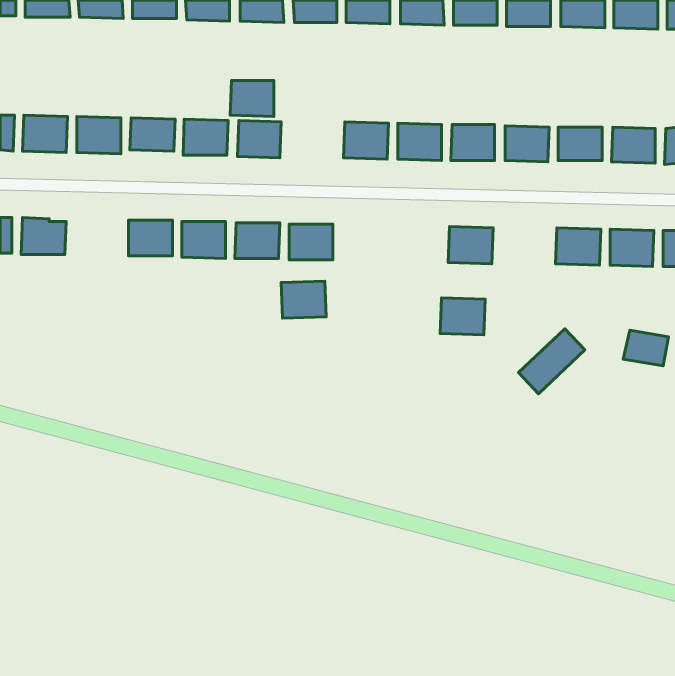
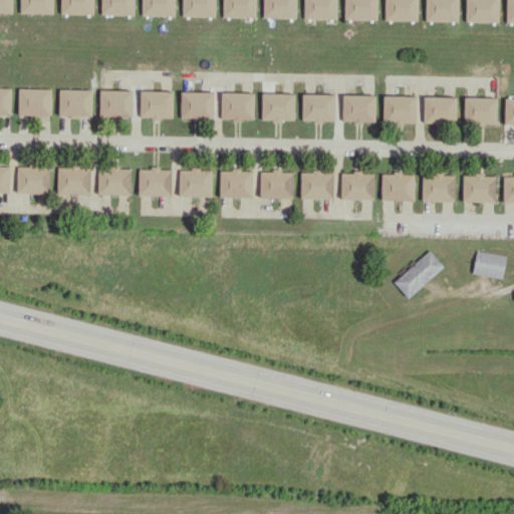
building: [230,81,274,116] -> [222,93,255,120]
building: none -> [59,167,92,195]
building: none -> [382,174,416,201]
building: [281,281,326,318] -> [261,171,295,199]
building: [440,298,485,335] -> [301,172,335,200]

